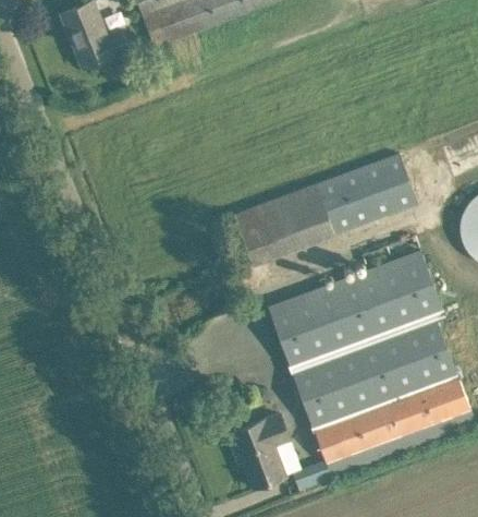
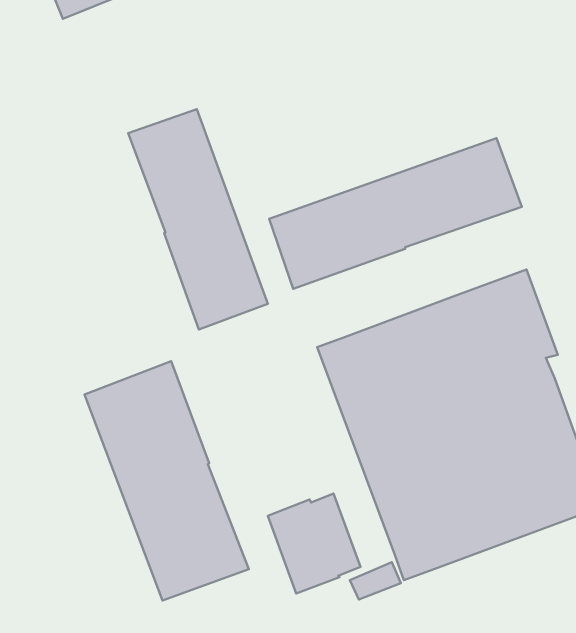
building: none -> [128,109,268,330]
building: none -> [84,361,249,601]

